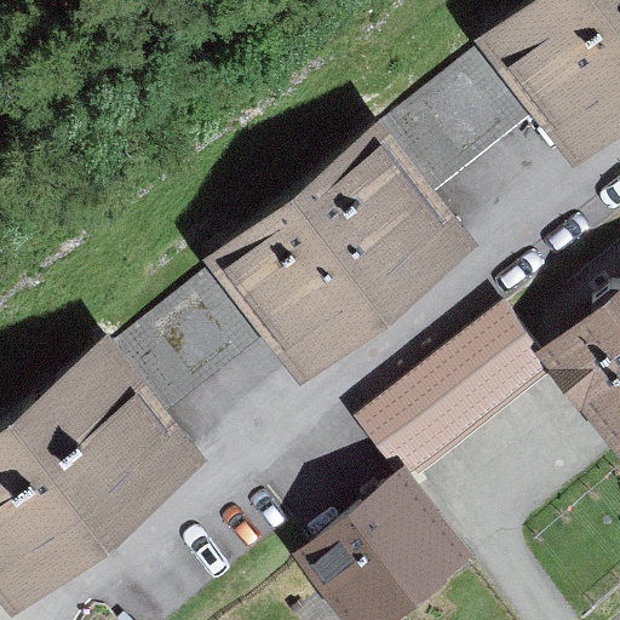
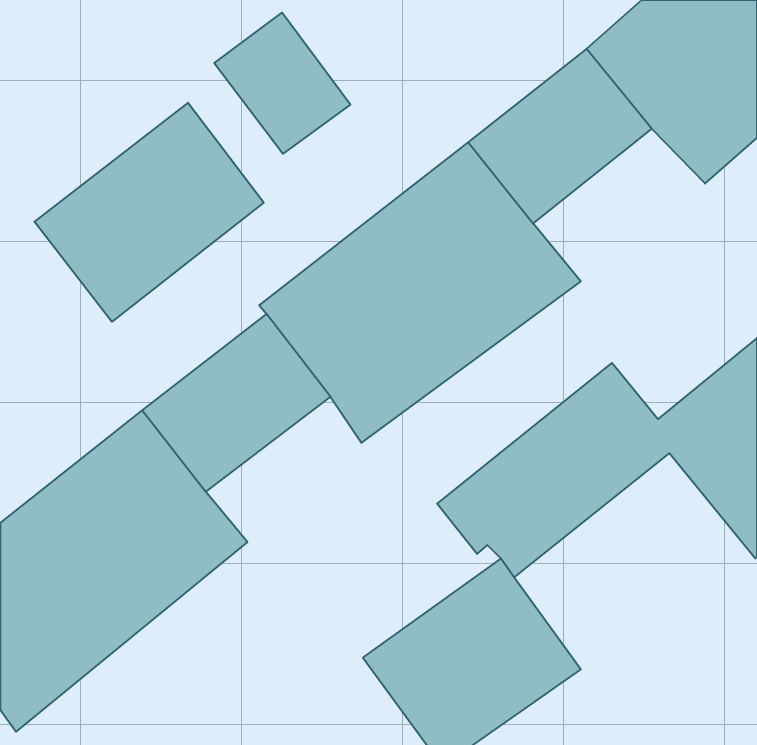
building: none -> [214,13,350,154]
building: none -> [34,103,264,322]

